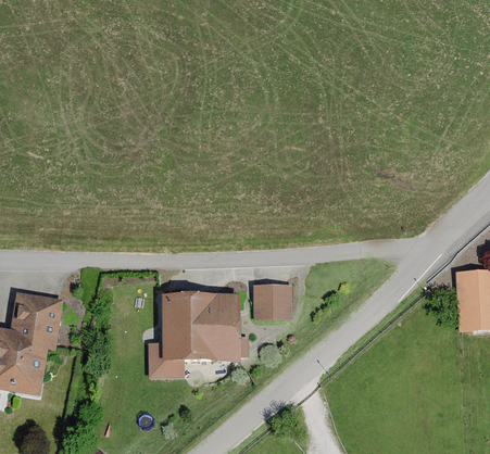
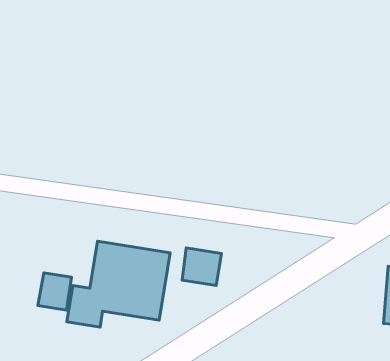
building: none -> [38,273,72,310]

